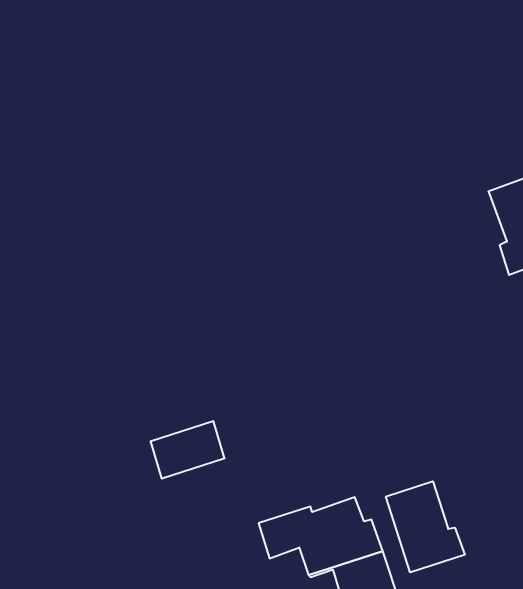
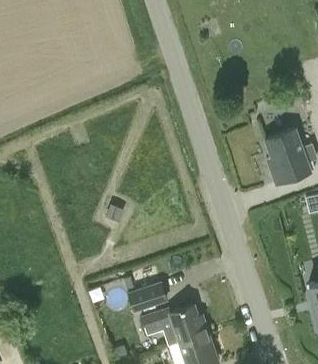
building: [150,421,225,479] -> [128,283,168,314]
building: [386,481,465,572] -> none

